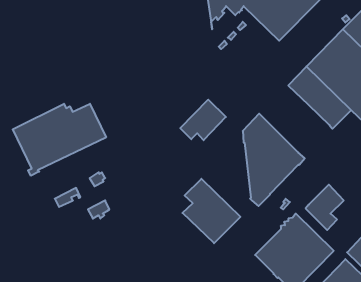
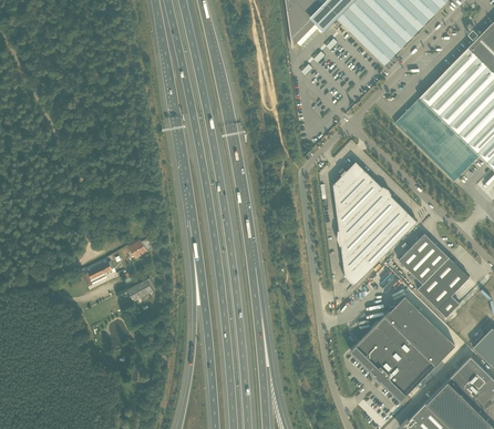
building: [180,100,226,140] -> none
building: [13,104,106,176] -> none
building: none -> [400,233,450,283]
building: [182,179,240,243] -> none

